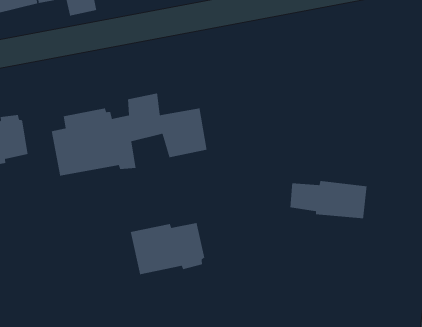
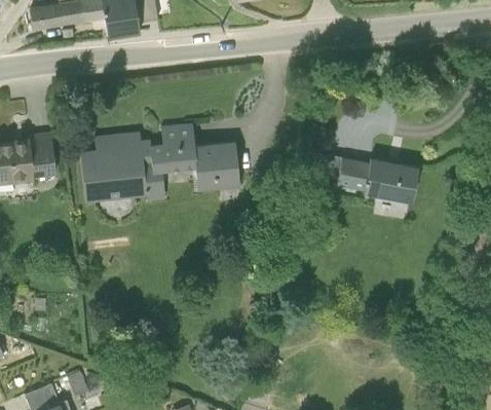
building: [290,180,367,219] -> [336,157,417,200]
building: [130,222,205,275] -> none

